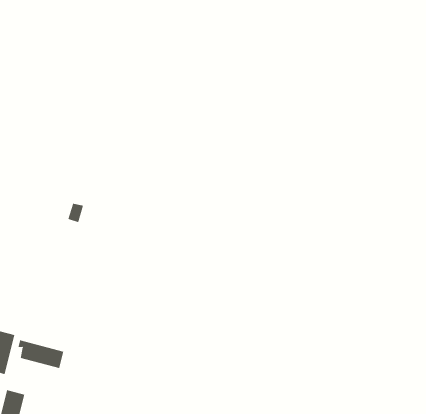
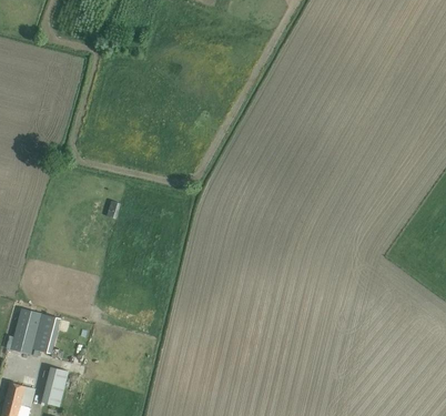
building: [18,340,64,369] -> none

